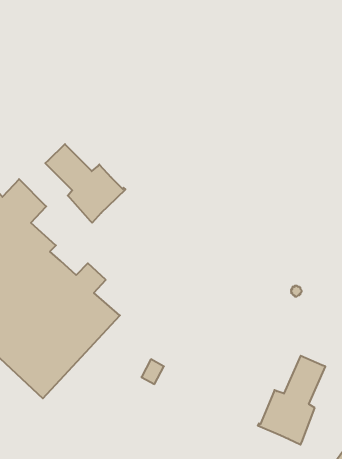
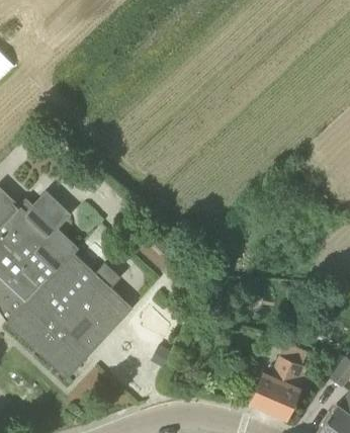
building: [45,144,125,223] -> none

